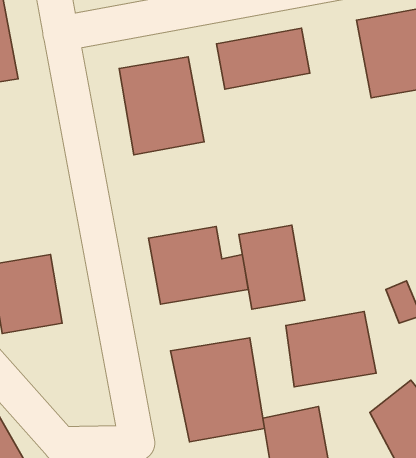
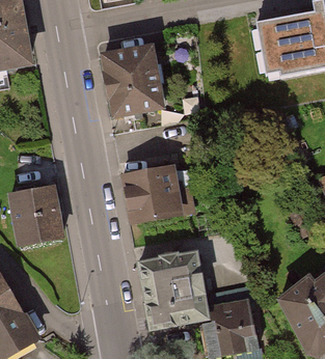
building: [216,28,310,89] -> none
building: [239,225,305,309] -> none
building: [286,312,376,387] -> none

